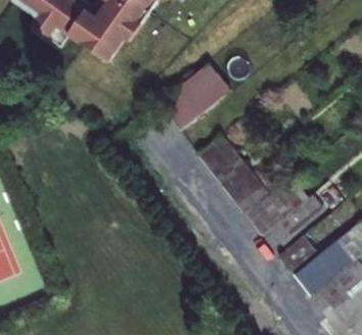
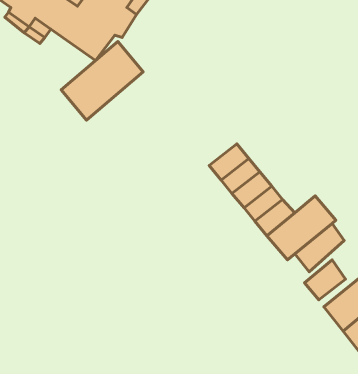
building: [161,62,230,129] -> [61,41,143,120]

